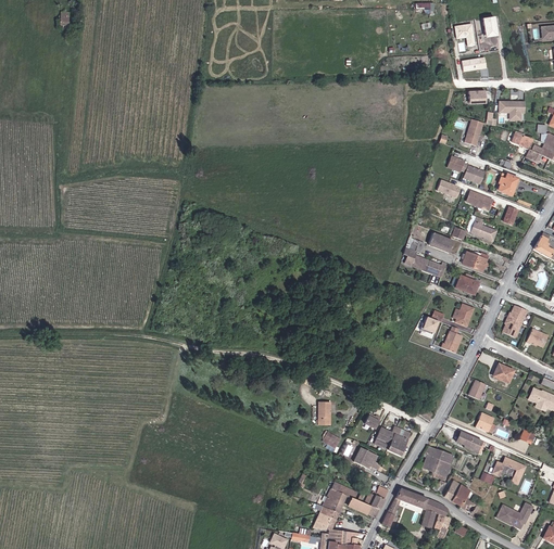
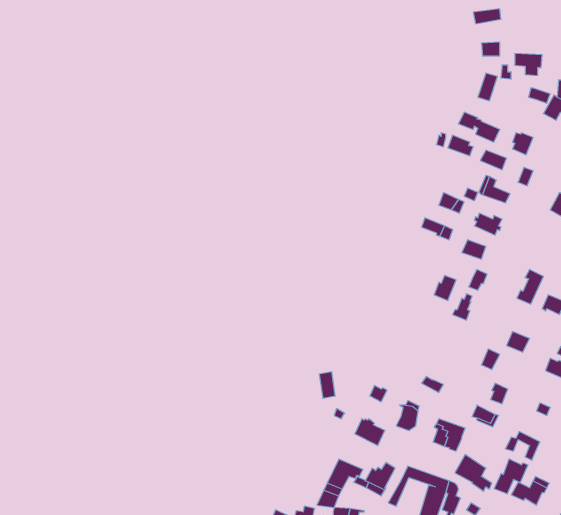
building: none -> [494,459,528,494]

